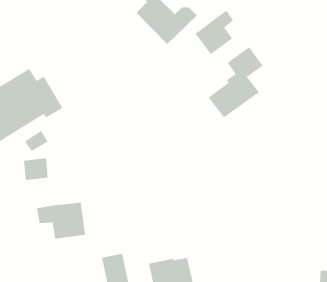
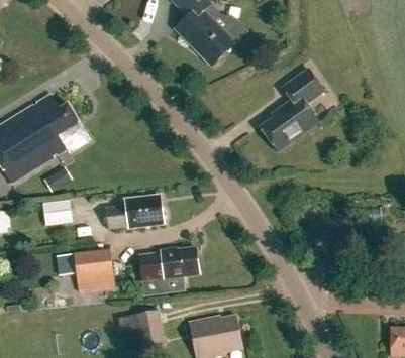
building: [195,10,234,55] -> none
building: none -> [104,196,163,229]
building: none -> [139,247,200,293]

